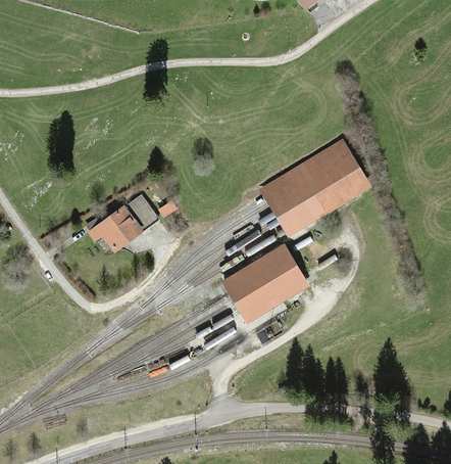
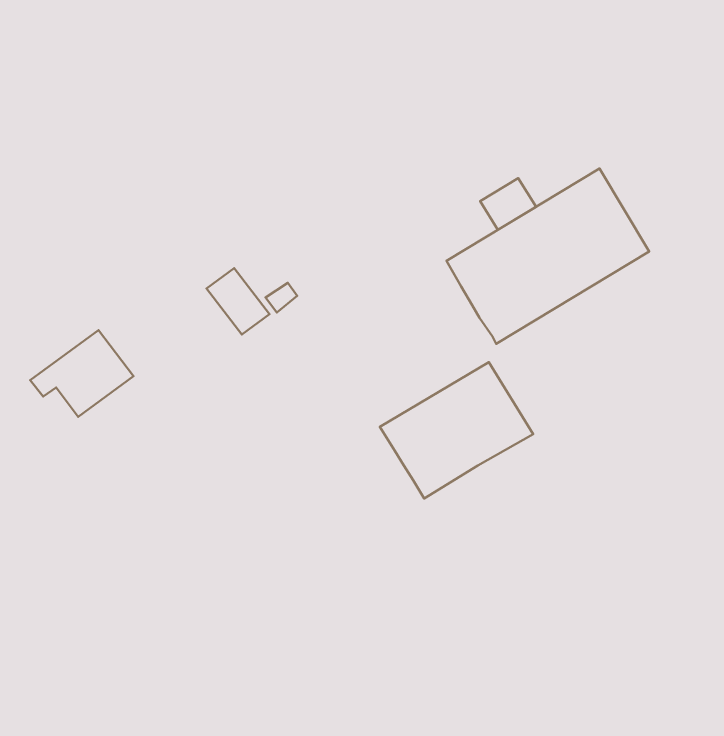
building: none -> [480,178,536,230]
building: [88,204,145,252] -> [30,330,134,417]

